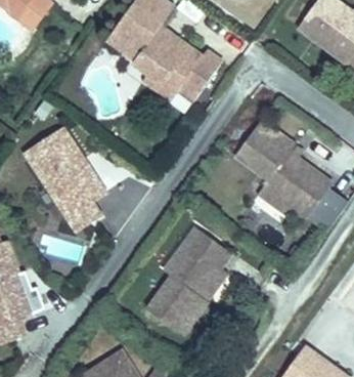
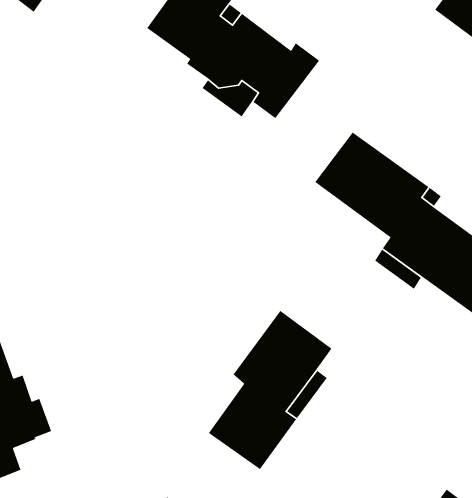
building: [25,127,105,229] -> none

